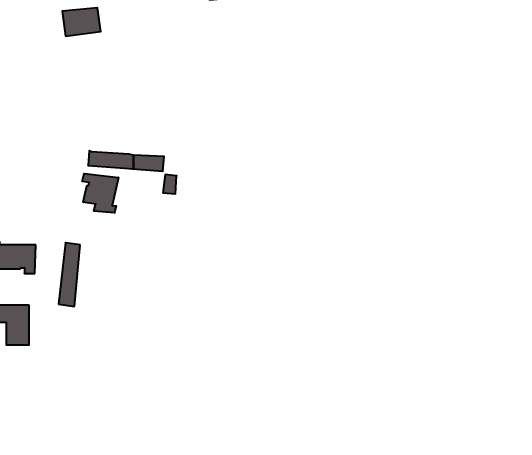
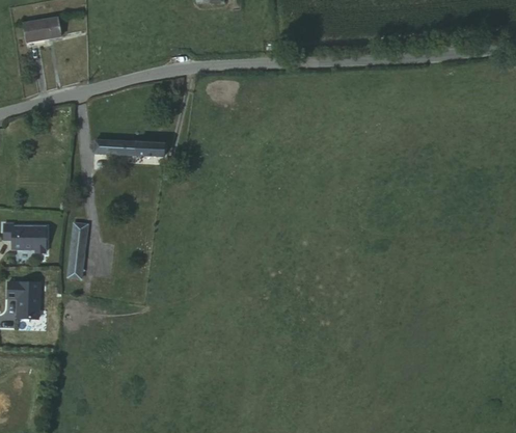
building: [62,8,101,36] -> [21,13,56,39]
building: [82,174,118,213] -> none

